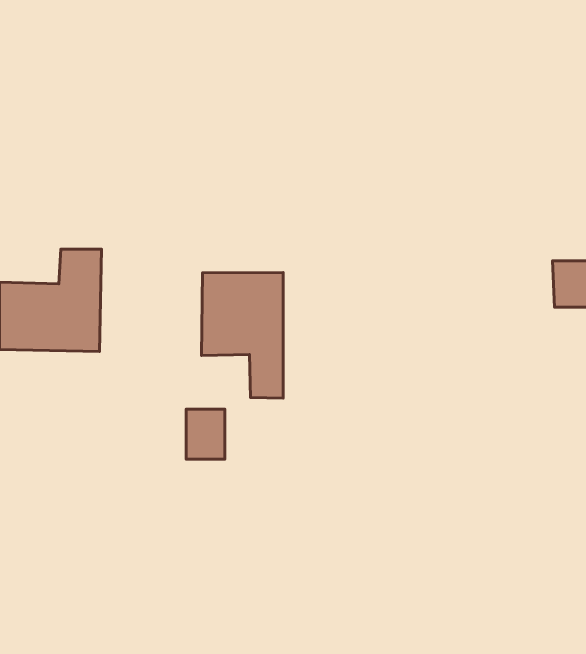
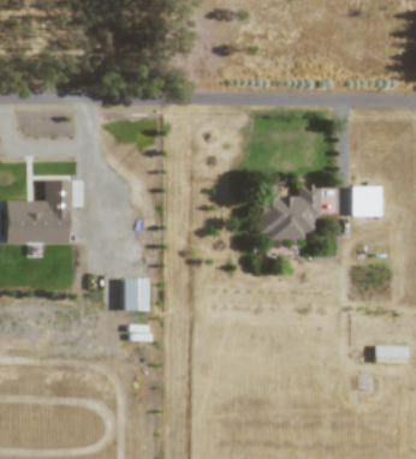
building: none -> [260,184,321,239]
building: [201,273,283,398] -> none

